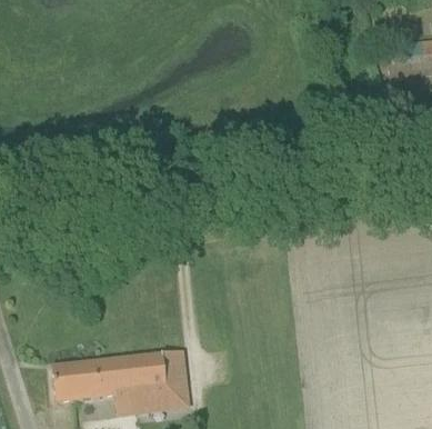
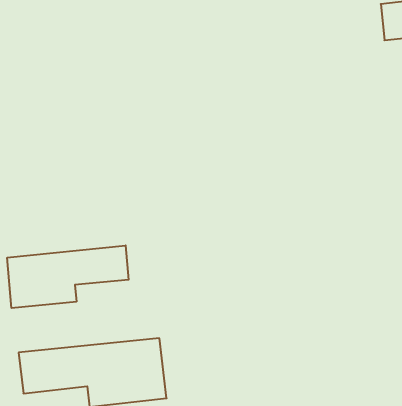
building: none -> [7,245,129,308]

